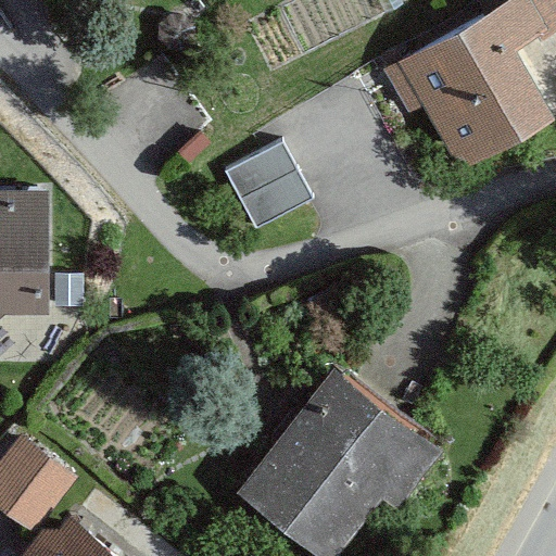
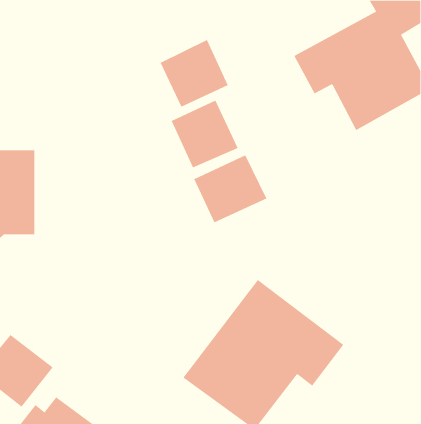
building: none -> [160,39,229,108]
building: none -> [194,155,267,223]

